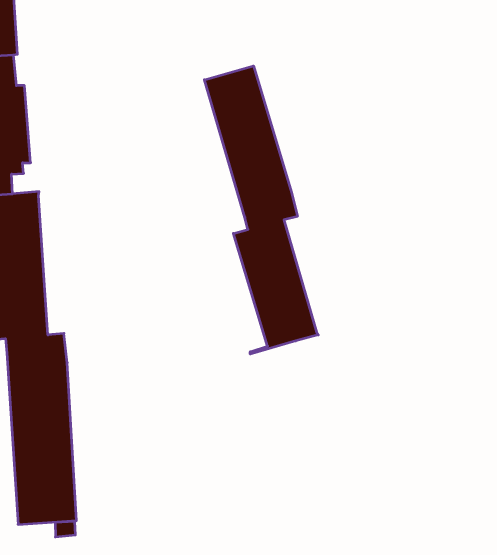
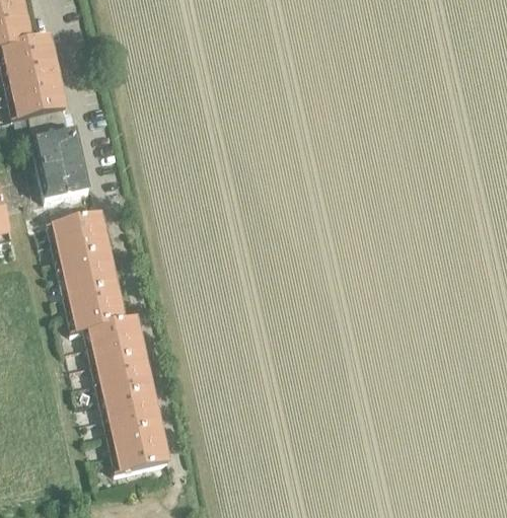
building: [204,66,318,354] -> none

